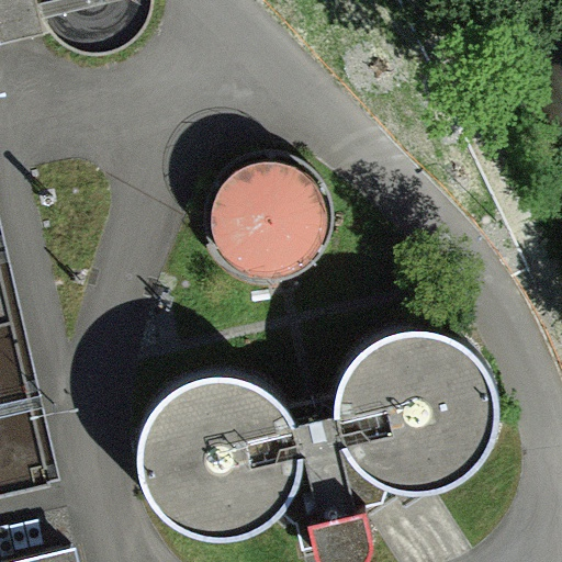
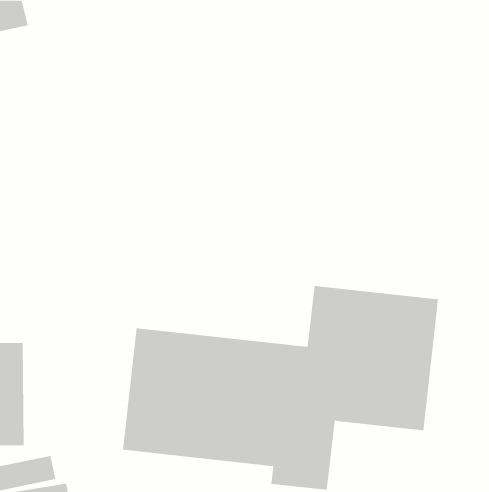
building: [195,151,328,284] -> none

